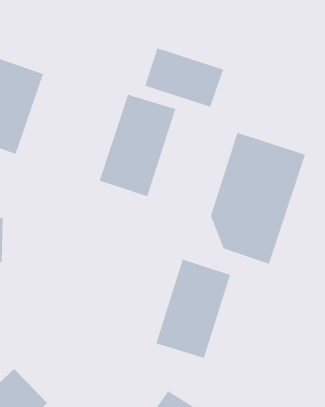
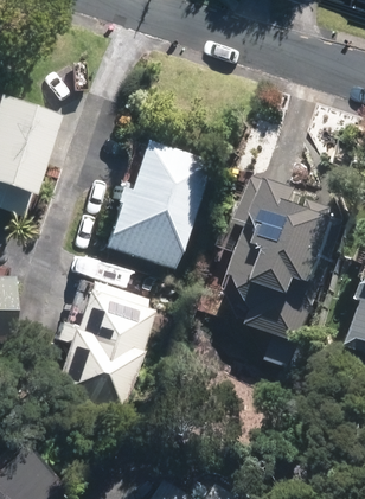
building: [145,48,224,107] -> none
building: [156,259,231,358] -> [59,288,143,399]

